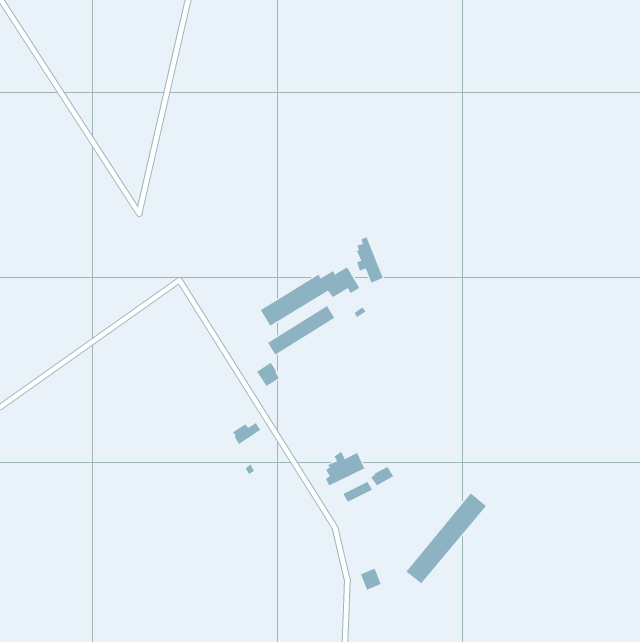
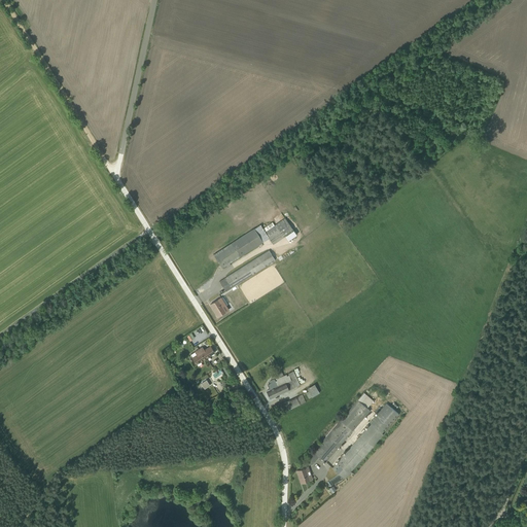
building: [356,236,384,284] -> none
building: none -> [309,393,375,462]

